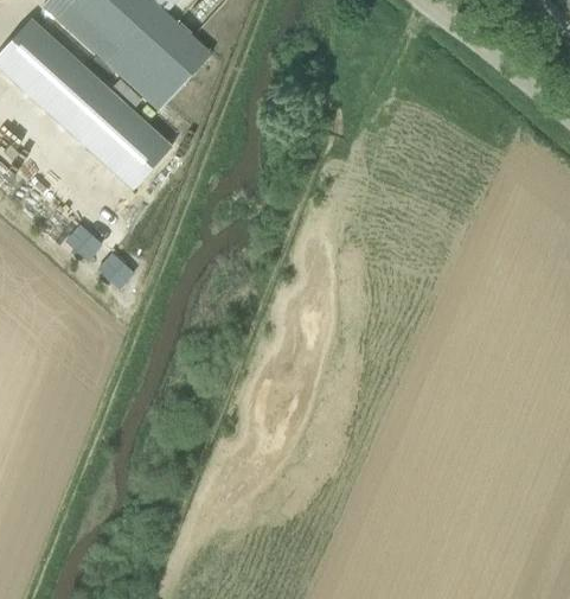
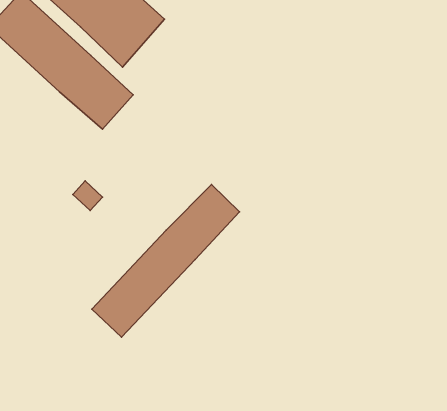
building: [64,223,102,260] -> none
building: none -> [92,184,239,337]

